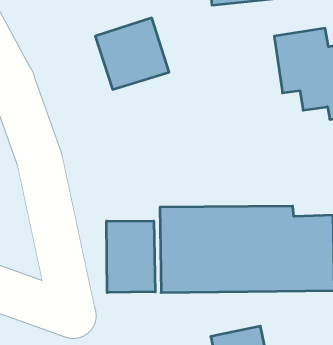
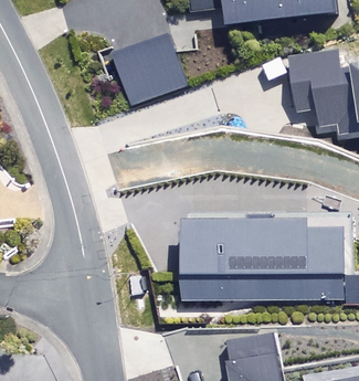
building: [107,221,155,293] -> none

